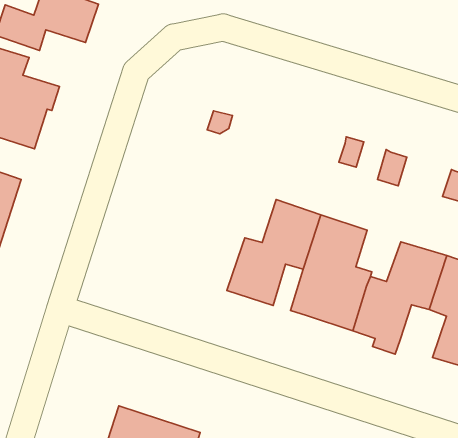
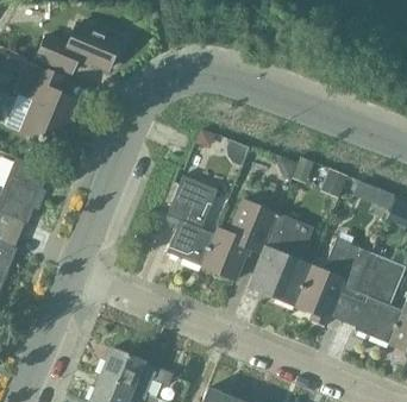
building: none -> [165,176,218,266]

